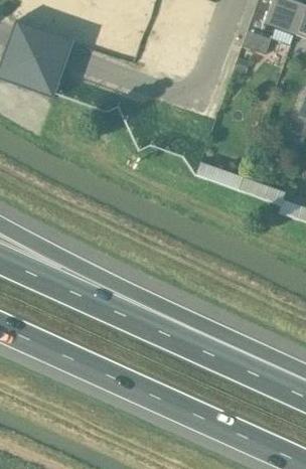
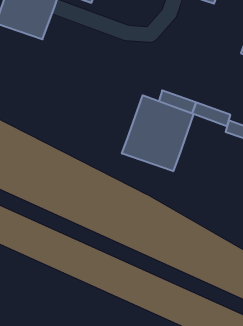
building: none -> [122,95,193,171]

